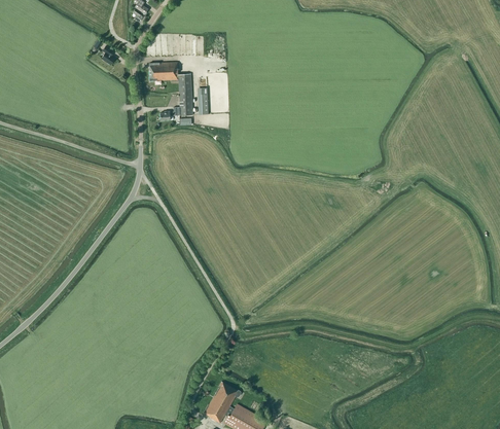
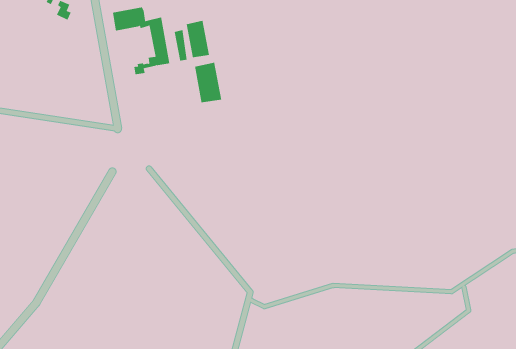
building: none -> [194,62,222,103]

